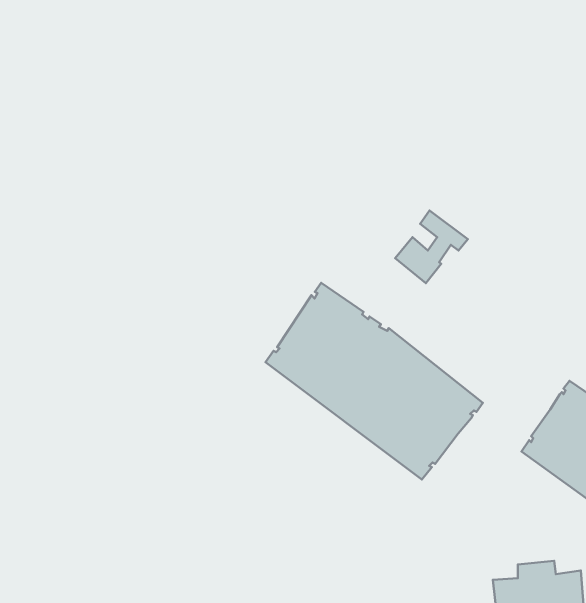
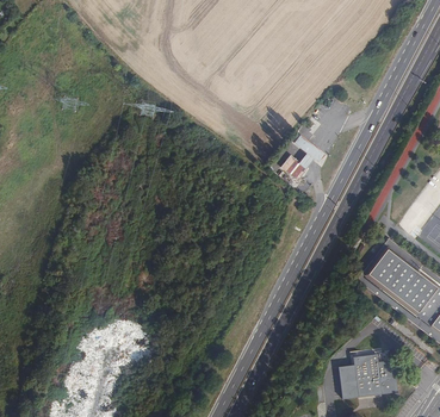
building: [266,283,483,480] -> none

